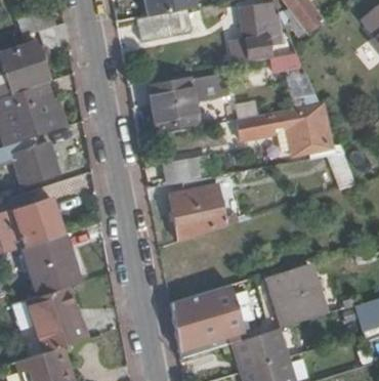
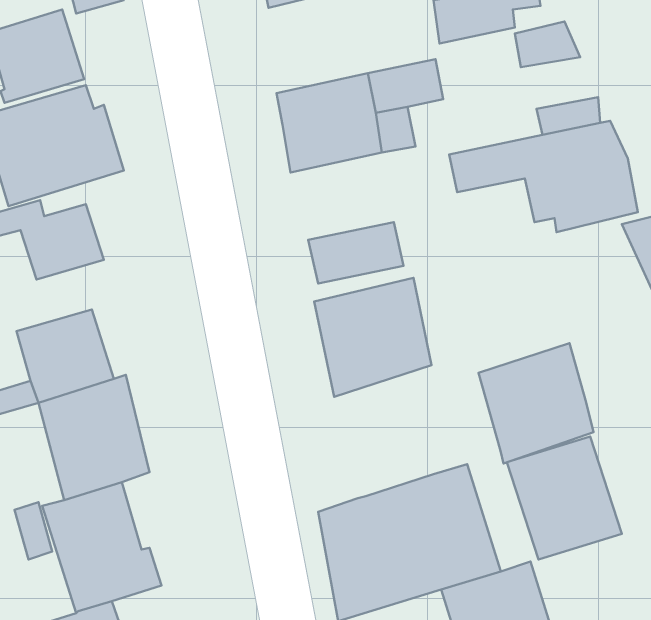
building: none -> [479,343,593,463]

